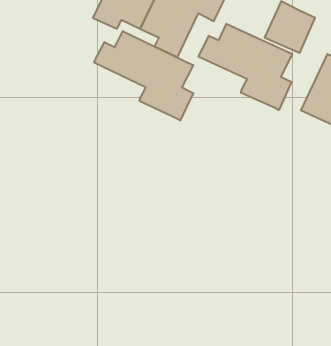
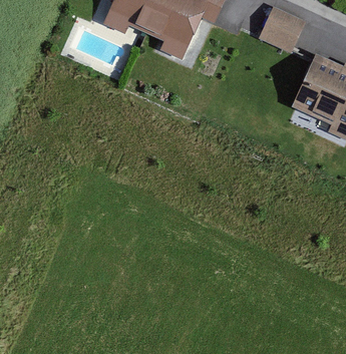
building: [199,24,292,110] -> none
building: [94,31,193,121] -> none

